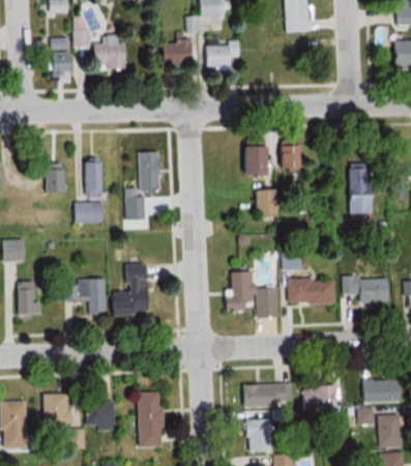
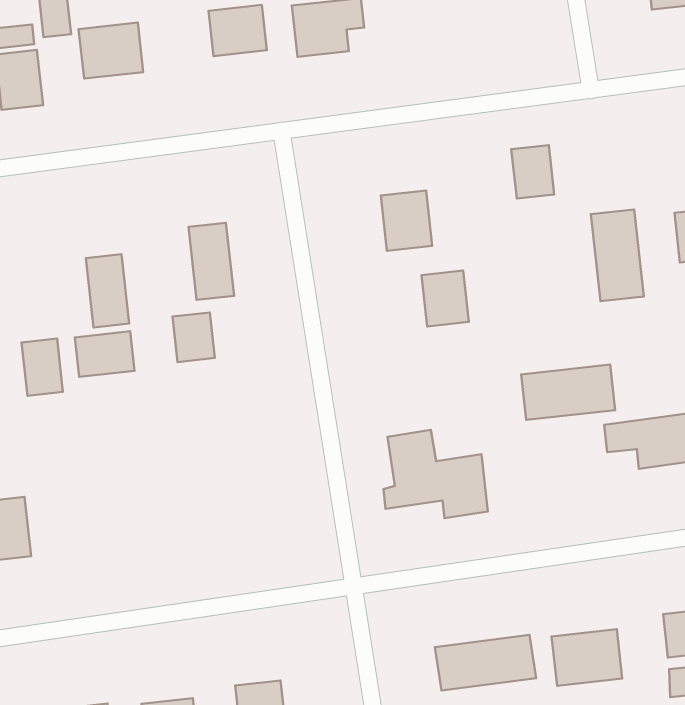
building: [281,145,300,171] -> [511,145,554,199]
building: [47,165,65,193] -> [21,339,63,396]
building: [111,265,151,314] -> none
building: [289,280,335,303] -> [521,365,615,420]
building: [65,281,107,315] -> none

